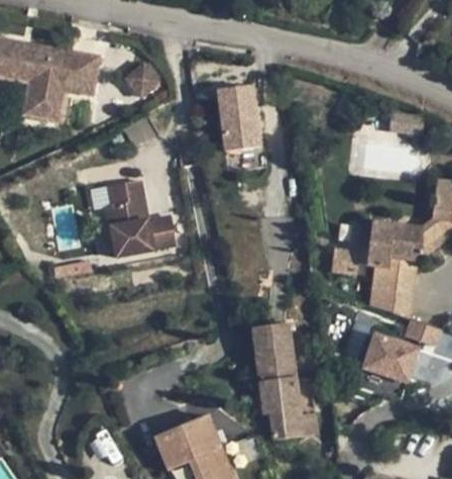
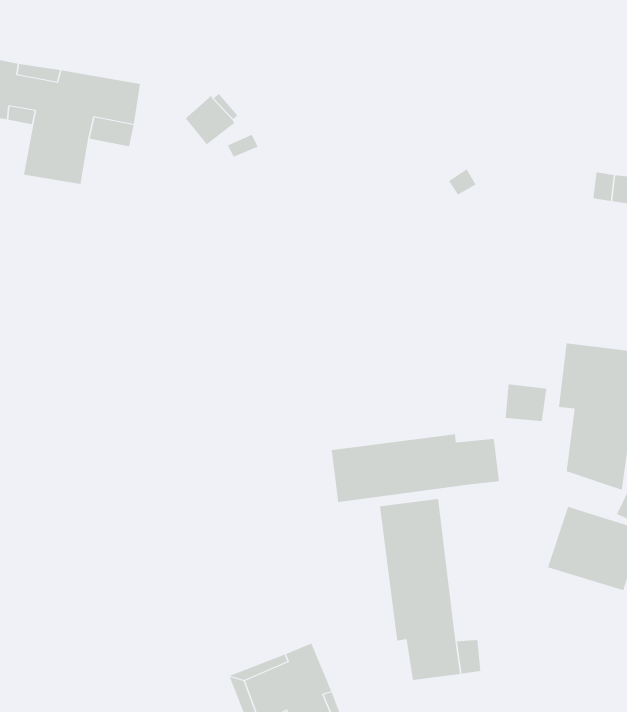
building: [215,82,261,151] -> none
building: [108,179,178,256] -> none
building: none -> [331,433,500,503]

